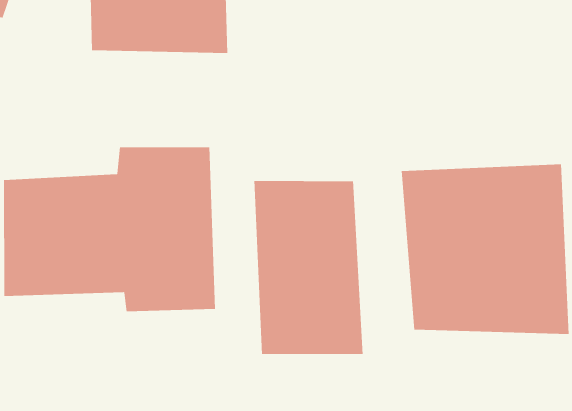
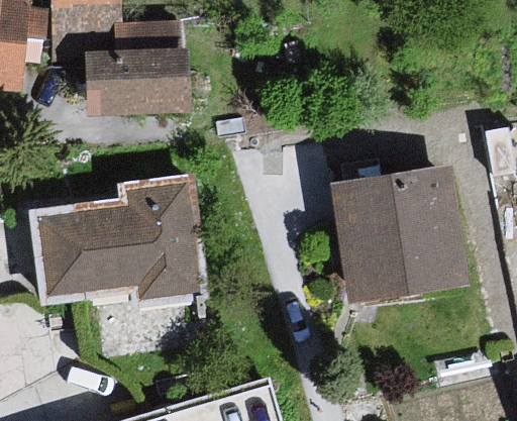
building: [254,180,363,355] -> none

